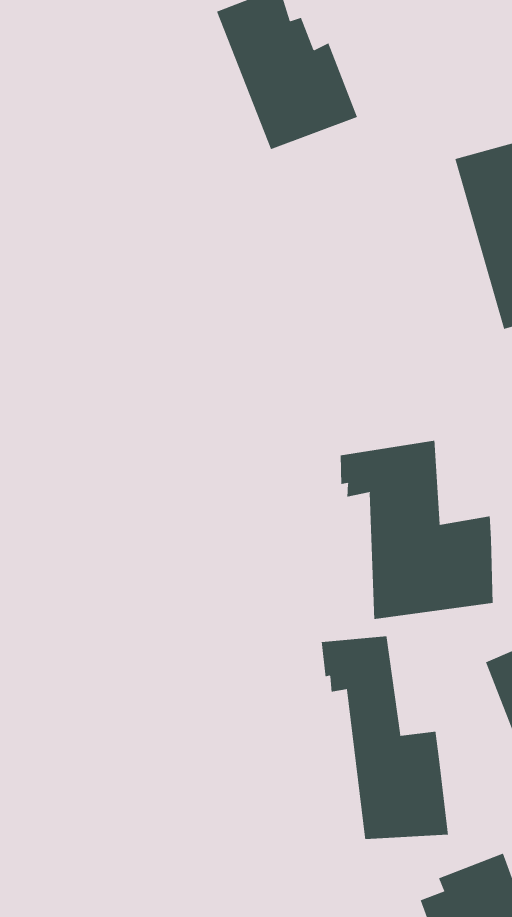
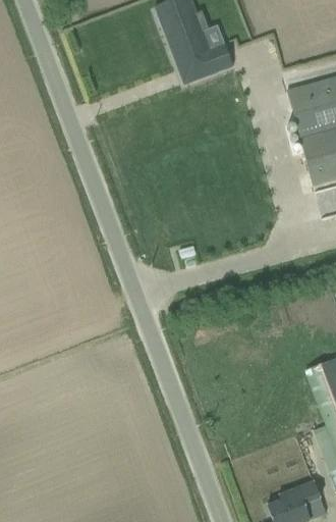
building: [340,440,493,620] -> none
building: [321,635,448,840] -> none

